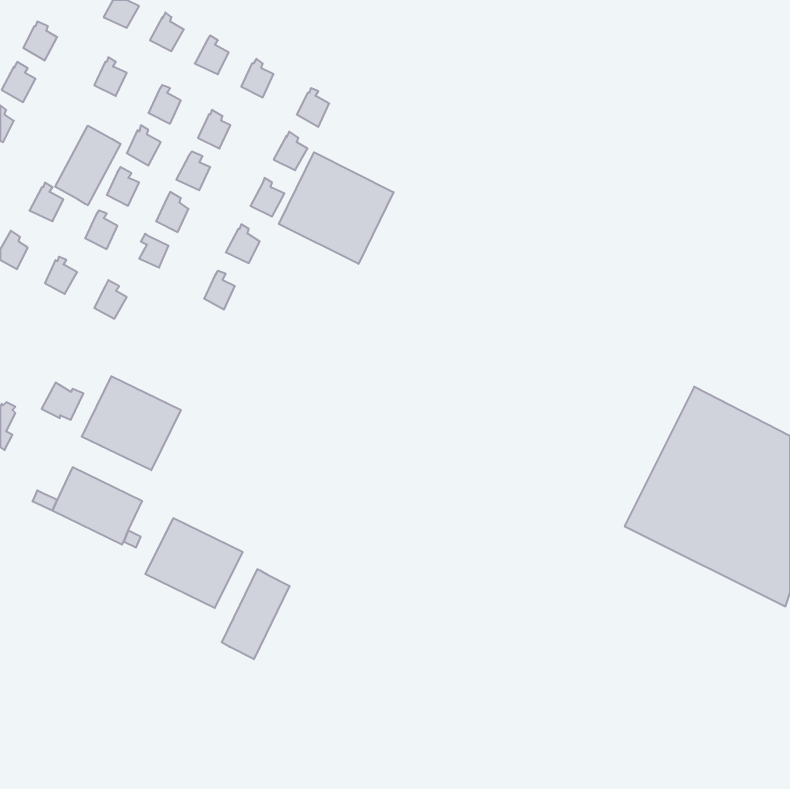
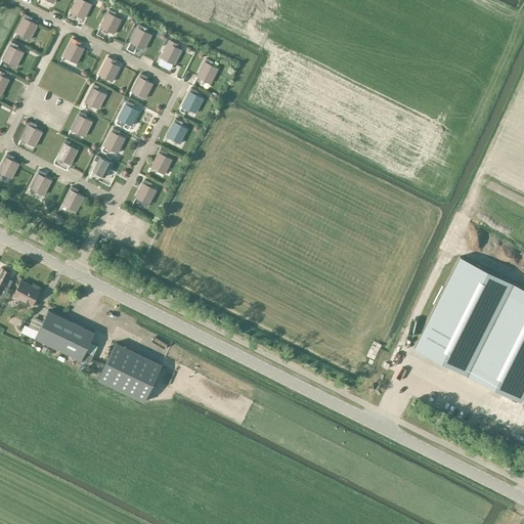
building: [55,126,121,205] -> none
building: [279,152,394,264] -> none
building: [82,376,181,470] -> none
building: [42,383,83,420] -> [12,281,40,306]
building: [222,569,290,659] -> none

